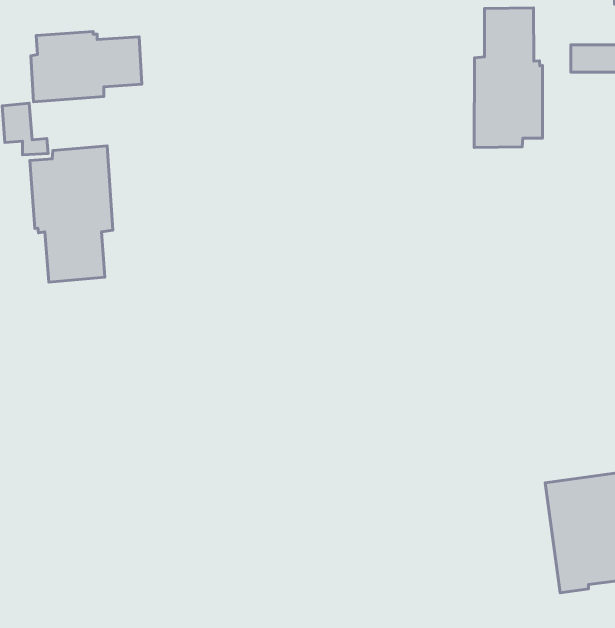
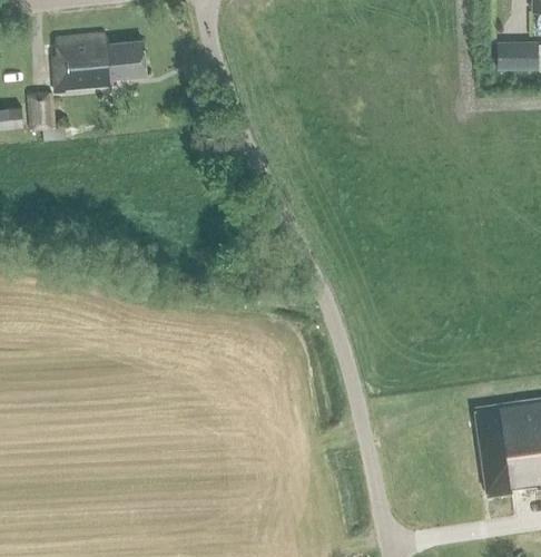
building: [474,8,543,148] -> none
building: [30,146,113,282] -> none

